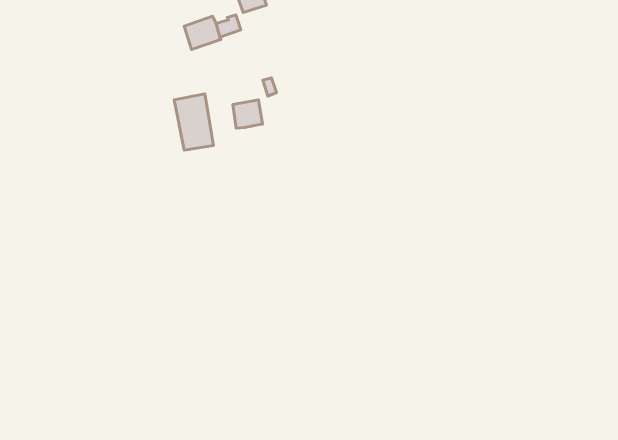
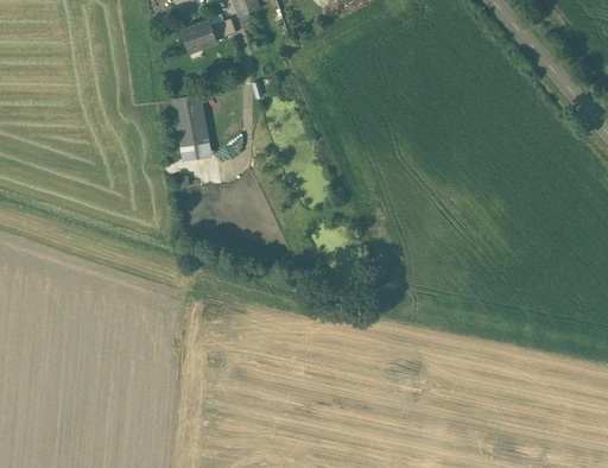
building: [233,100,262,128] -> none

